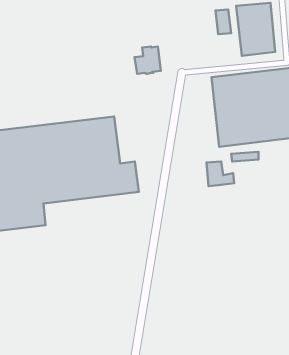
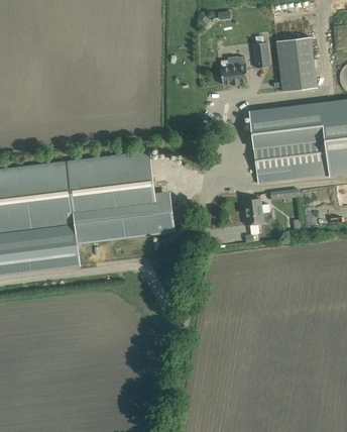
building: [134,46,161,74] -> [220,56,247,84]

